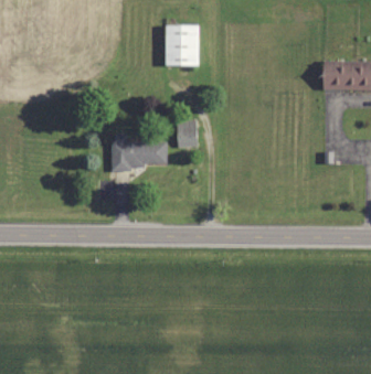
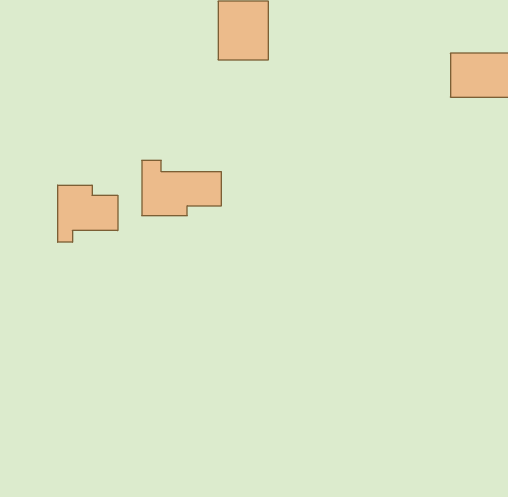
building: [177,121,195,148] -> none
building: none -> [58,185,118,242]

